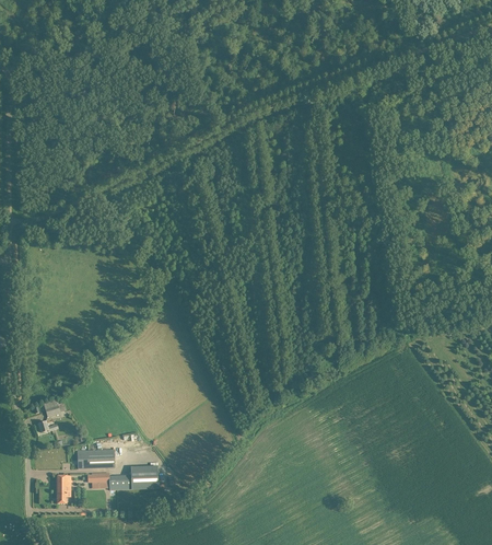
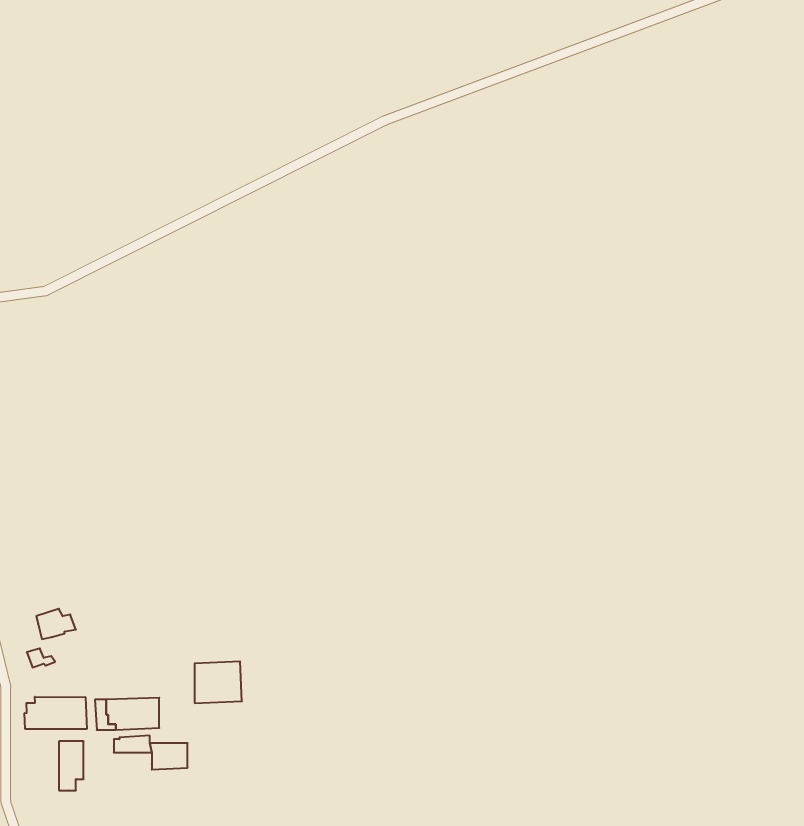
building: none -> [25,697,87,729]
building: [131,465,159,489] -> [195,661,242,703]

